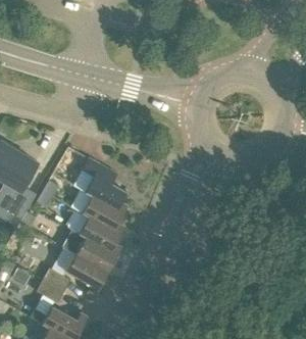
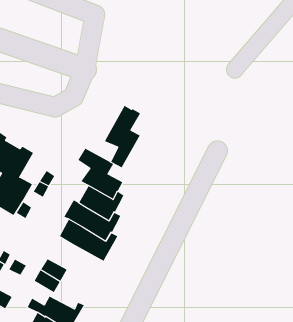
building: none -> [104,105,141,168]
building: [65,254,106,297] -> none

